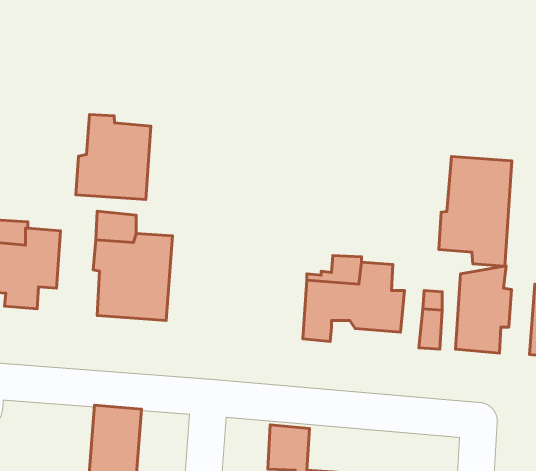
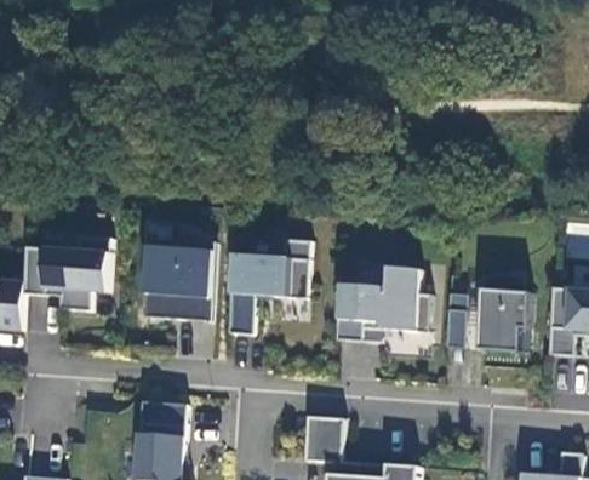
building: [76,114,151,200] -> none
building: [439,157,512,266] -> none
building: none -> [228,238,310,333]

